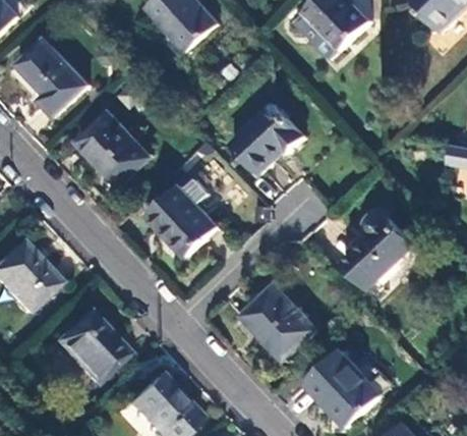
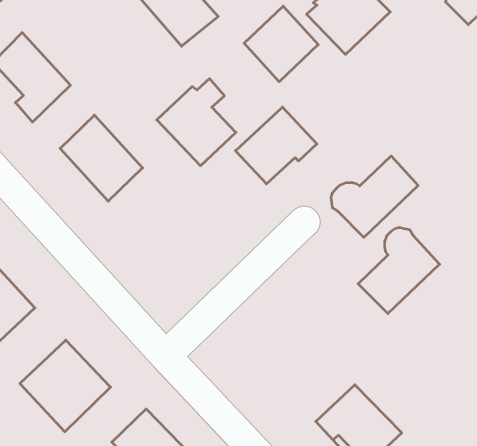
building: none -> [244,6,318,82]
building: none -> [331,156,418,237]
building: [147,179,217,257] -> [157,79,236,166]
building: [241,284,316,361] -> none

